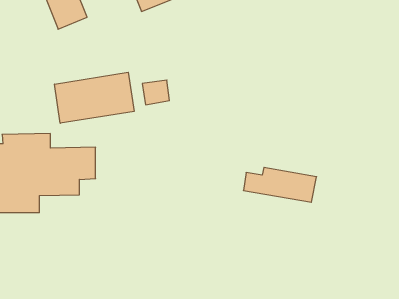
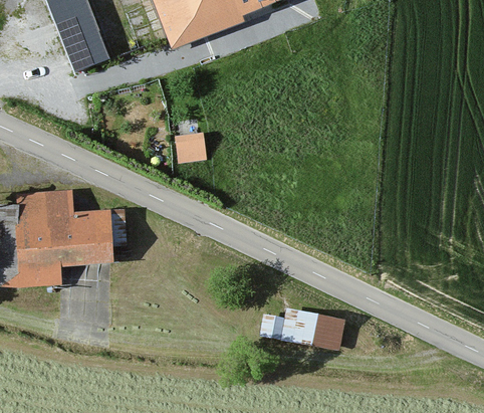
building: [55,72,134,123] -> none
building: [243,167,317,202] -> [254,308,340,350]

